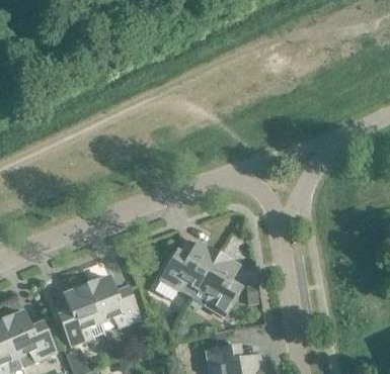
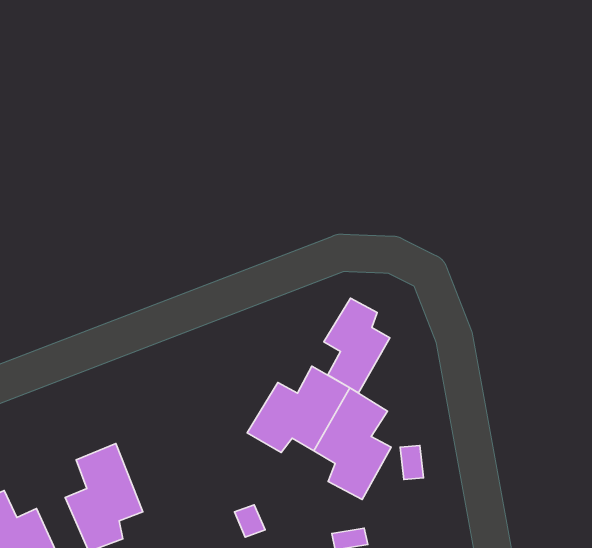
building: none -> [324,298,390,393]
building: [85,276,139,325] -> none

